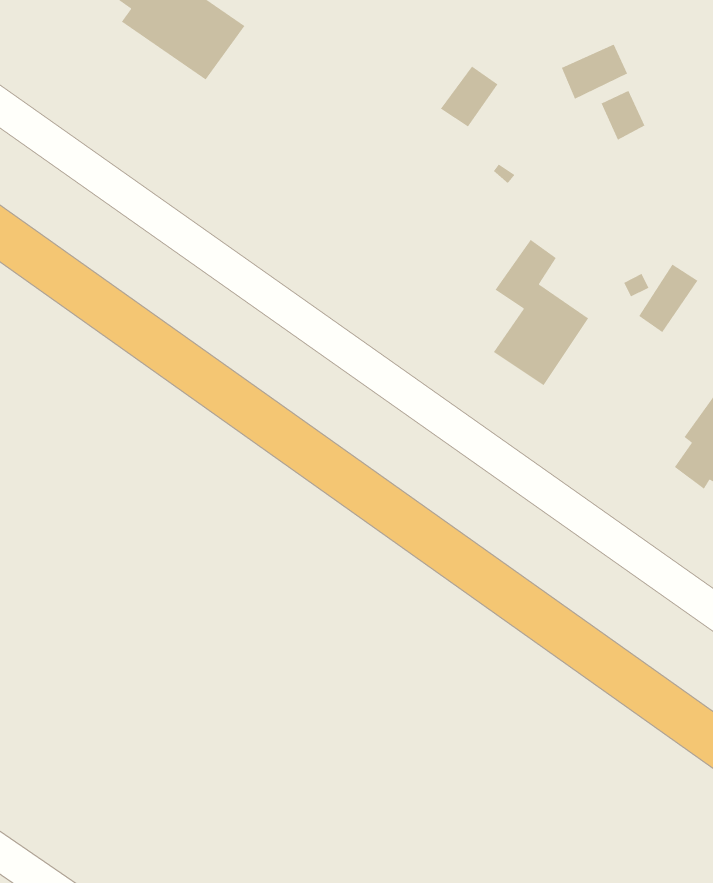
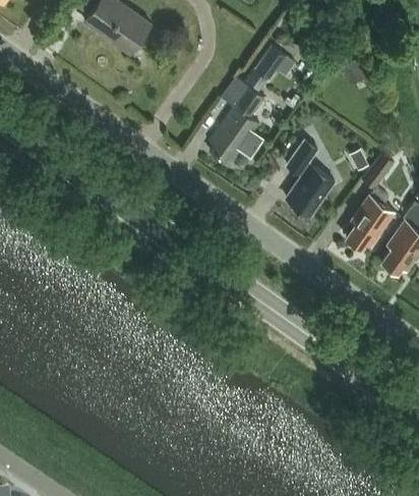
building: [561,43,628,100] -> none
building: none -> [208,75,264,162]
building: none -> [346,194,395,247]

